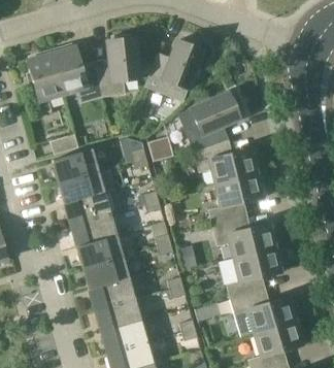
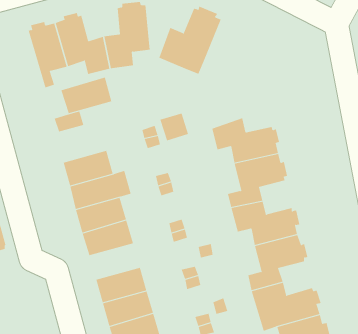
building: [176,93,240,150] -> none
building: [51,147,98,181] -> [60,77,112,114]
building: [81,256,129,289] -> none

